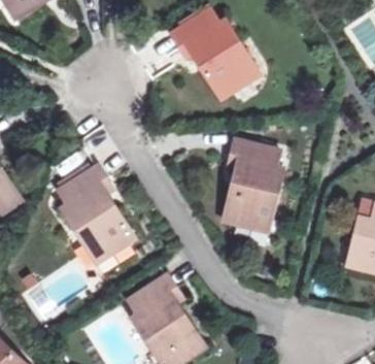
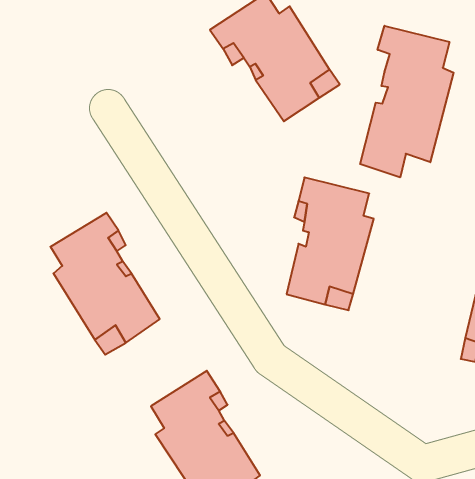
building: none -> [360,26,454,177]

